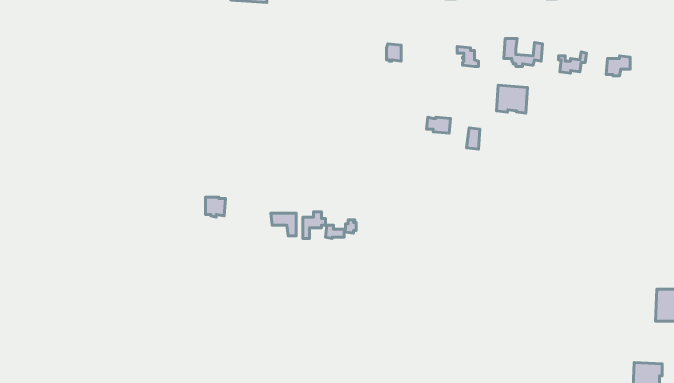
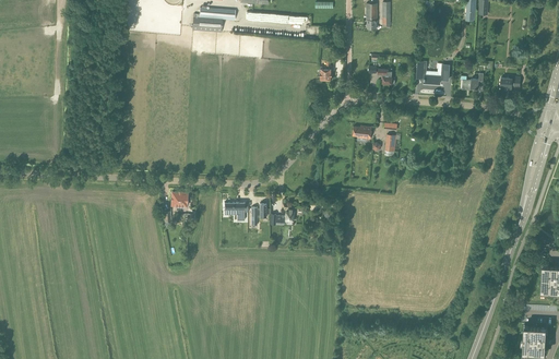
building: [497,85,528,113] -> none

